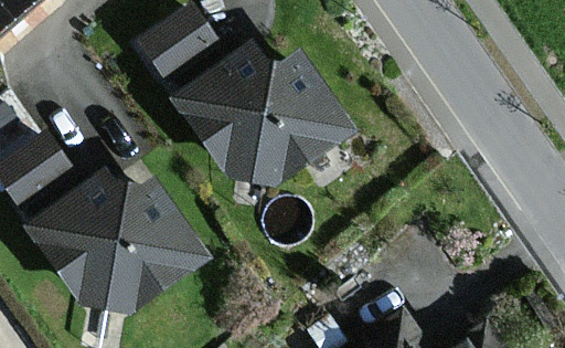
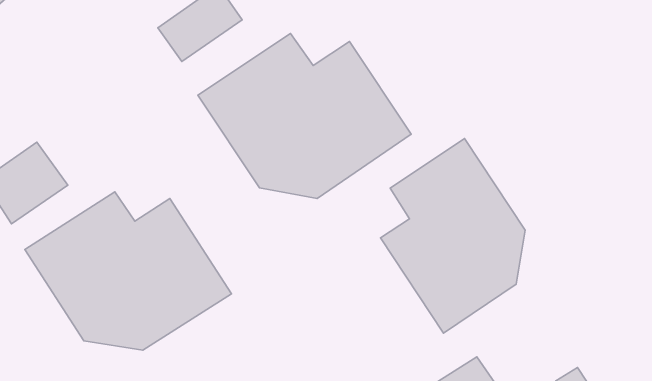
building: none -> [380,139,525,333]

